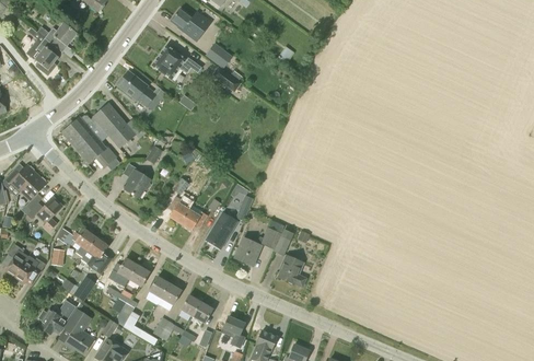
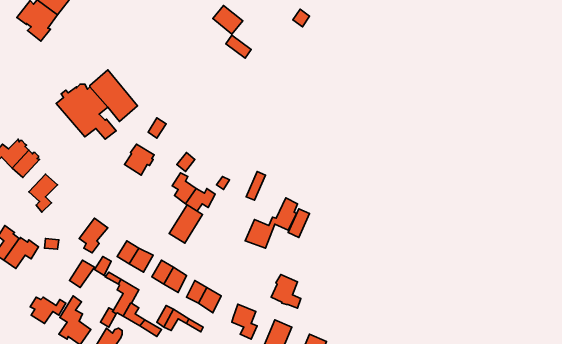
building: [152,45,201,79] -> none
building: [117,70,156,107] -> none
building: [206,213,236,248] -> [169,205,203,243]
building: [57,229,96,256] -> none
building: [278,256,305,287] -> [271,275,301,308]

